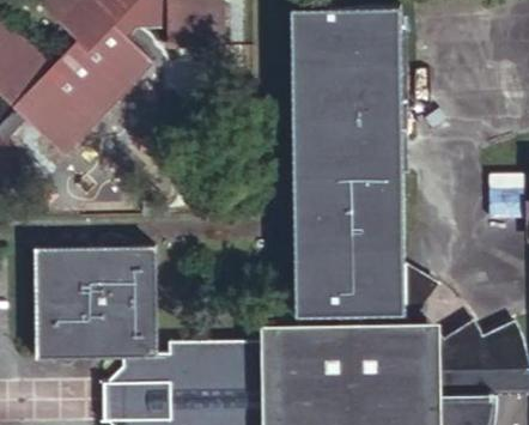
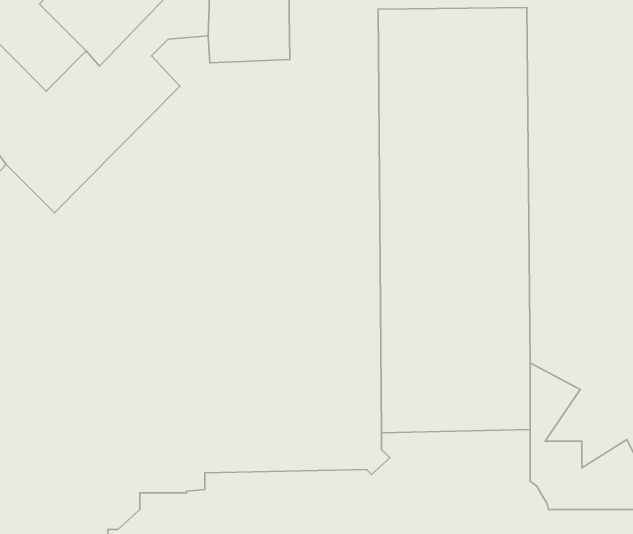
building: [36,249,156,359] -> none

